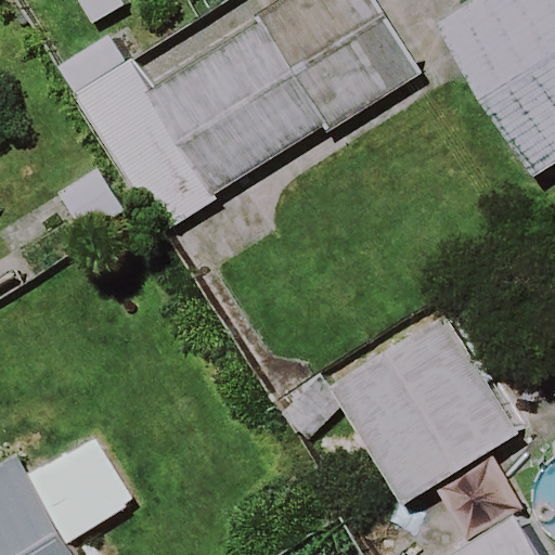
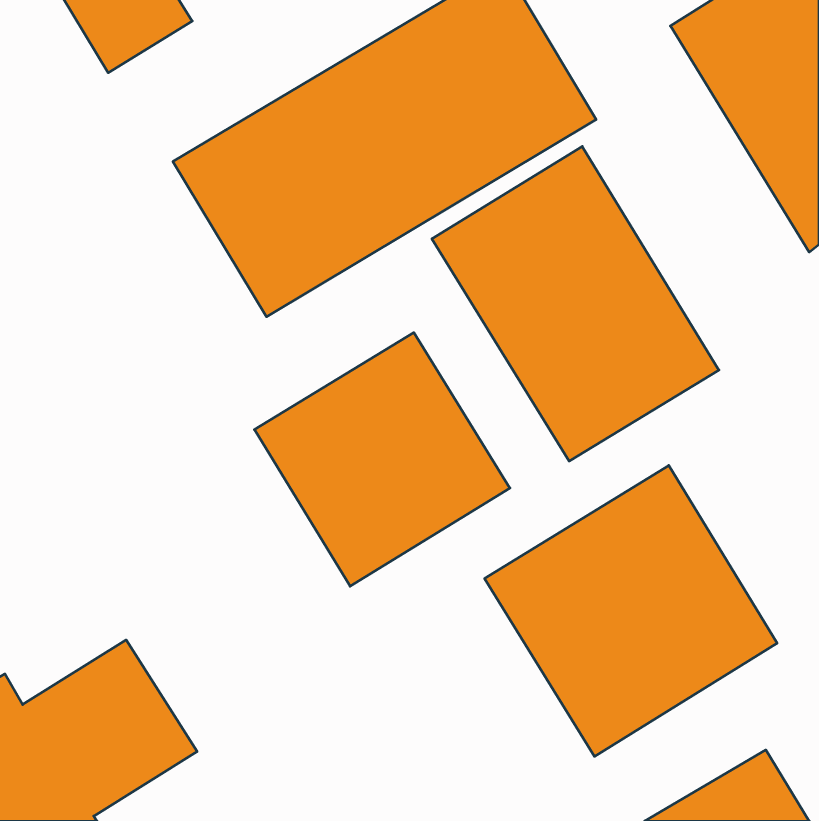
building: none -> [432,146,719,461]
building: none -> [254,333,510,586]

